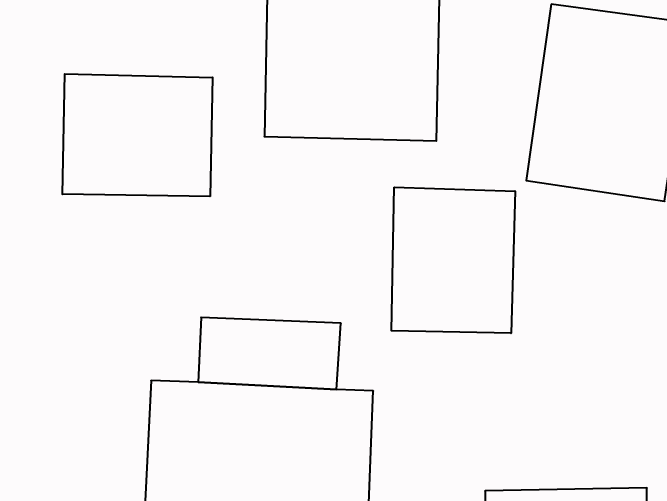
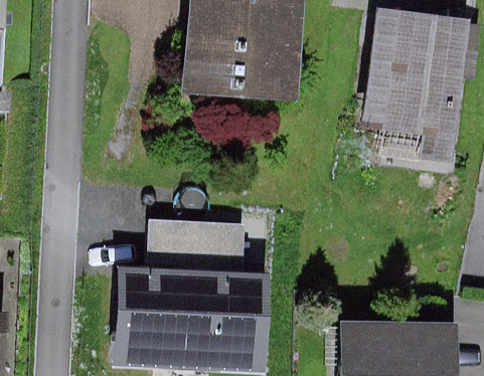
building: [62,74,213,196] -> none
building: [391,187,515,333] -> none

